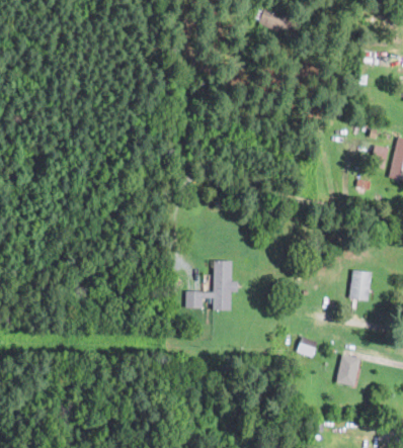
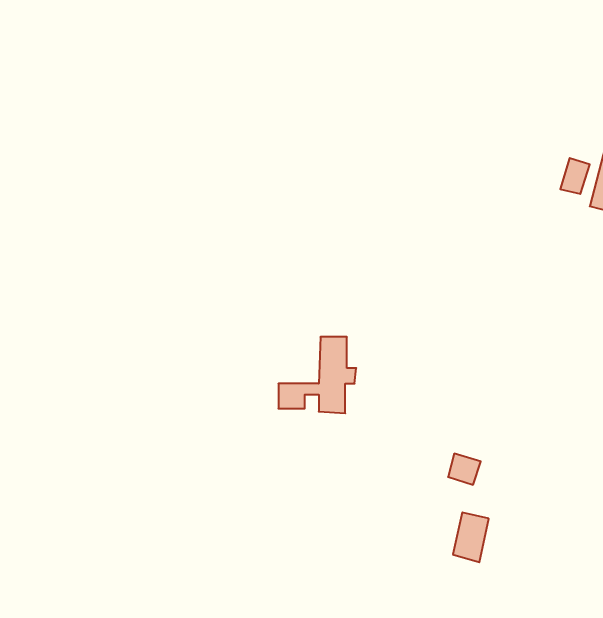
building: [348,269,371,300] -> none
building: [336,354,359,386] -> [453,512,489,562]

